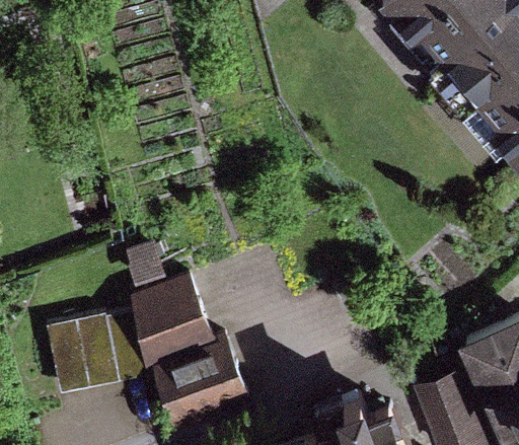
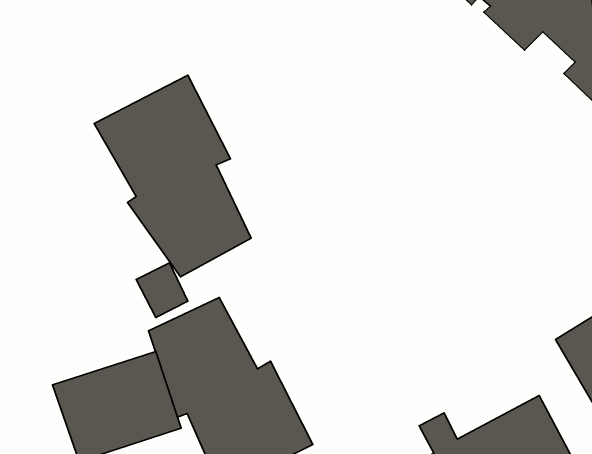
building: none -> [94,75,251,277]

